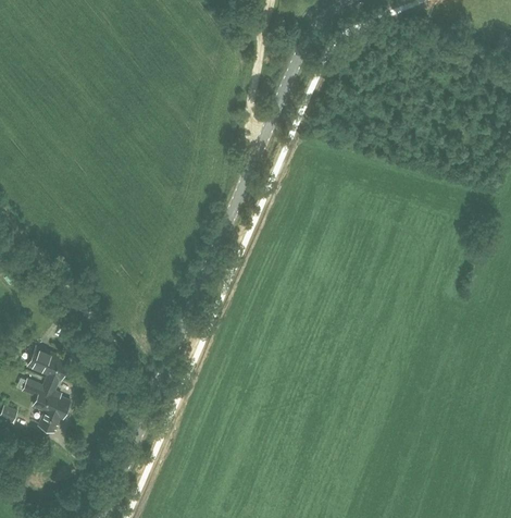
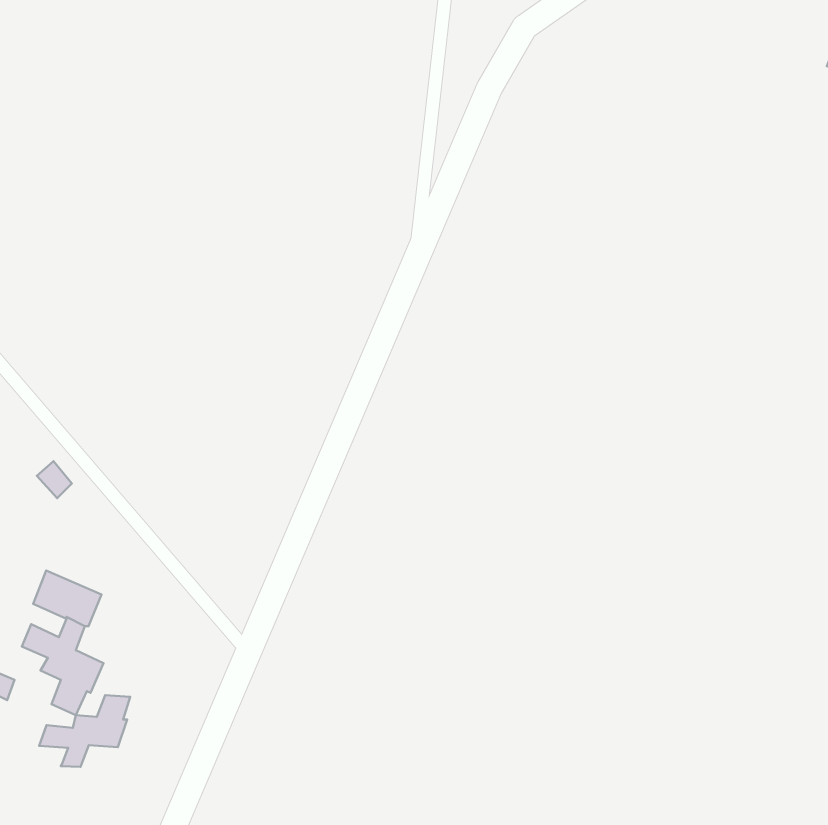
building: none -> [39,695,130,767]

